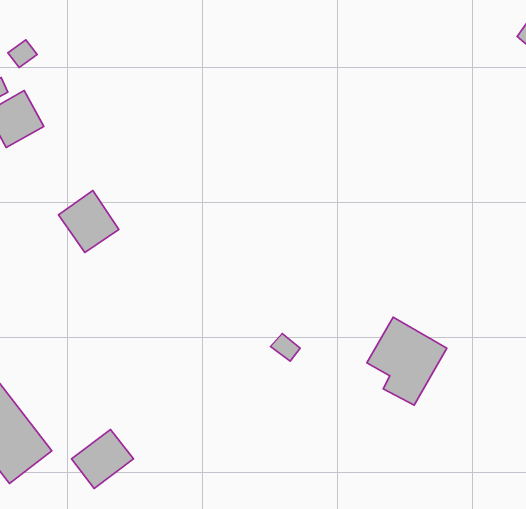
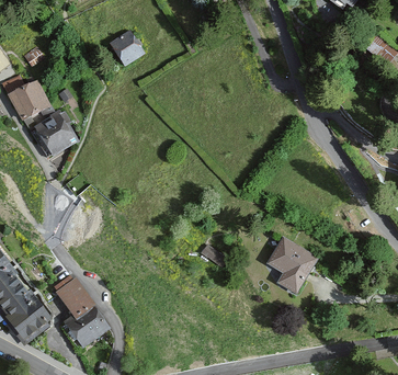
building: none -> [109,30,145,65]
building: [59,190,119,252] -> [35,113,76,155]
building: none -> [55,279,93,318]

